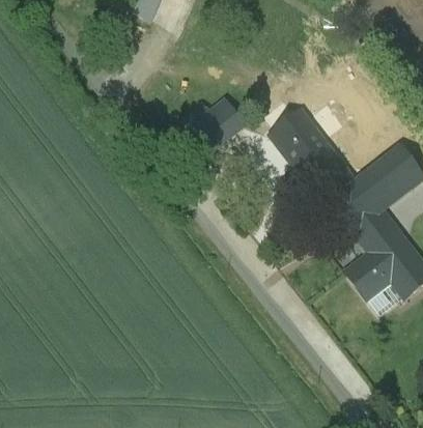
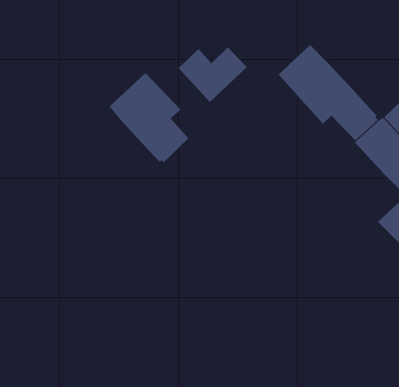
building: none -> [109,72,189,163]

